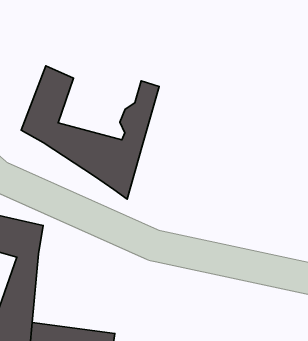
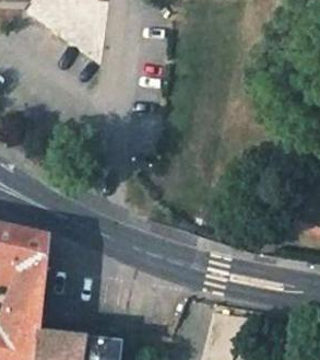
building: [21,66,159,199] -> none

